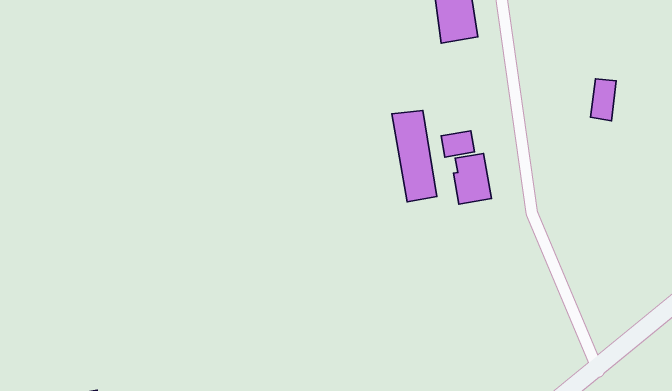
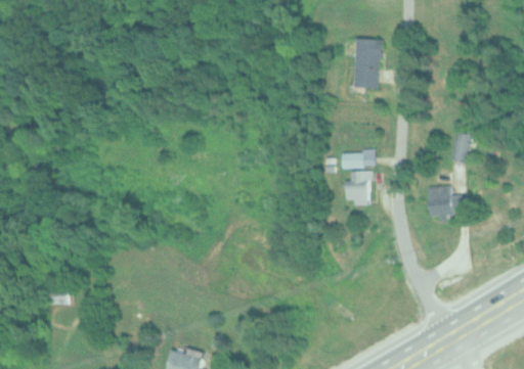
building: [392,110,437,202] -> none
building: none -> [429,186,462,216]

